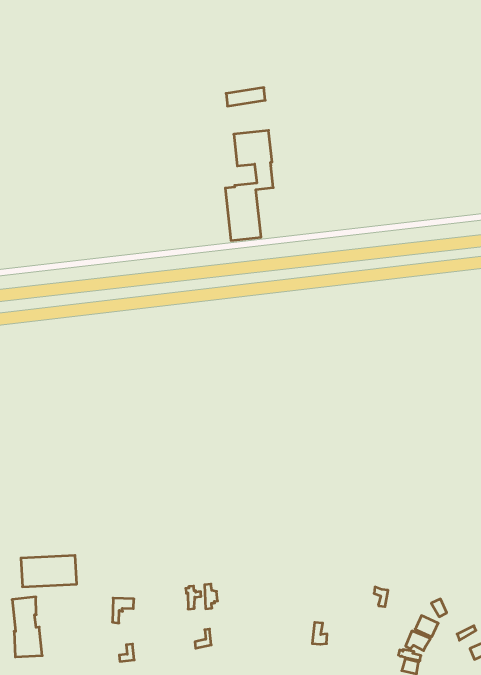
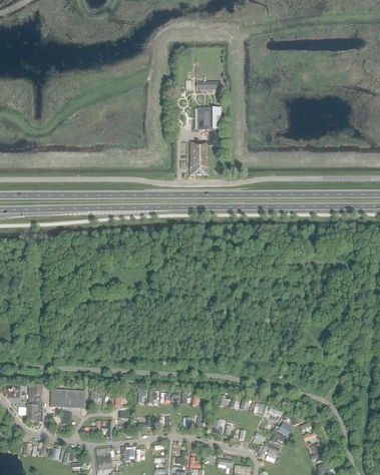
building: [21,555,77,587] -> [49,388,84,408]

